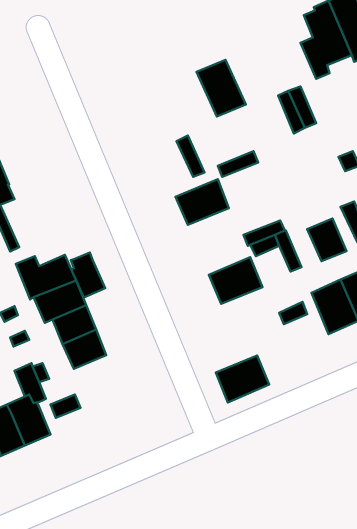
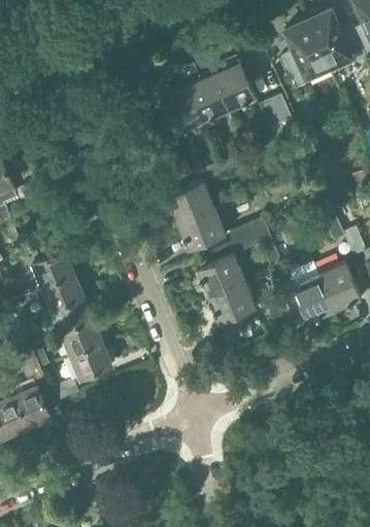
building: none -> [212,60,258,112]
building: none -> [159,82,204,135]
building: none -> [177,208,227,251]
building: [307,219,346,261] -> none
building: [71,252,105,297] -> none
building: none -> [72,344,111,379]
building: [216,356,269,403] -> [208,281,258,324]

